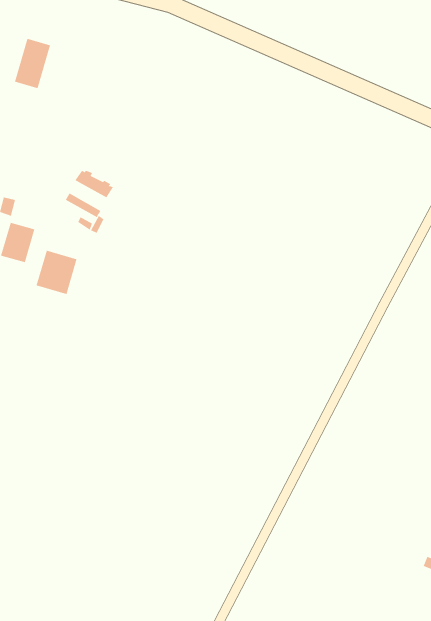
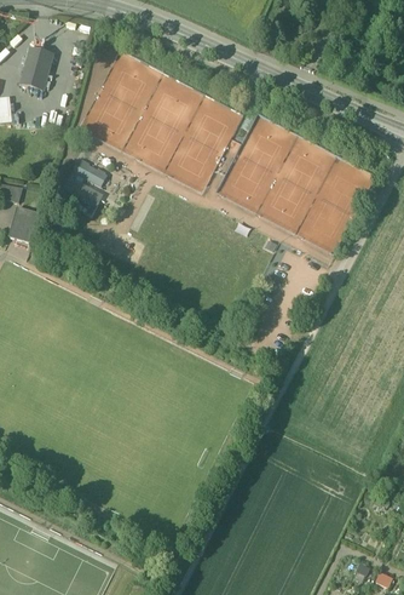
building: [36,250,77,295] -> none

